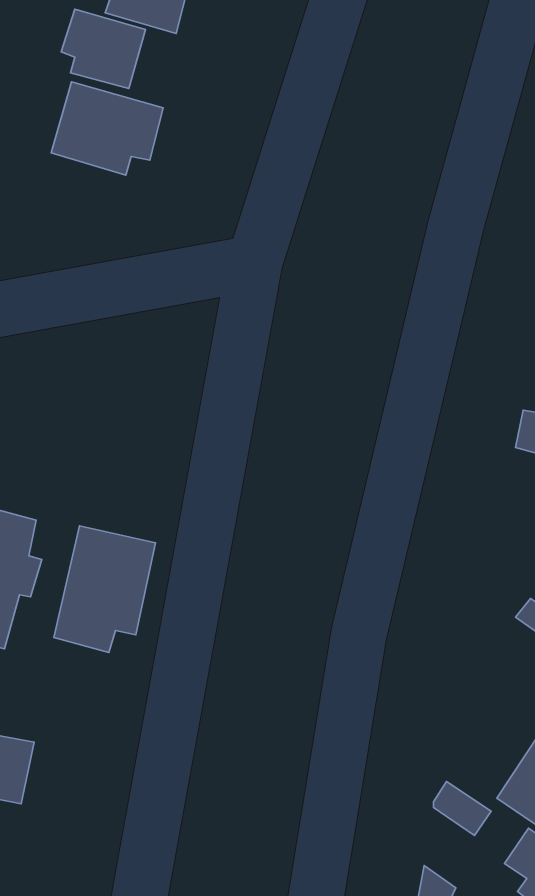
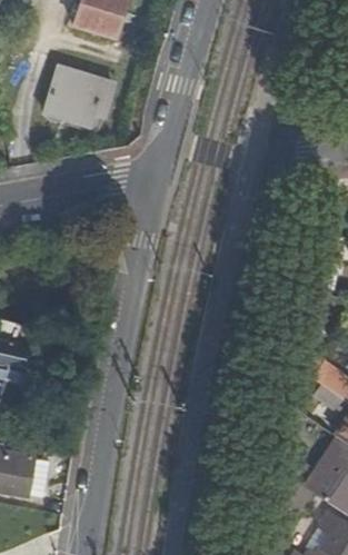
building: [61,9,145,88] -> none
building: [54,526,156,652] -> none

